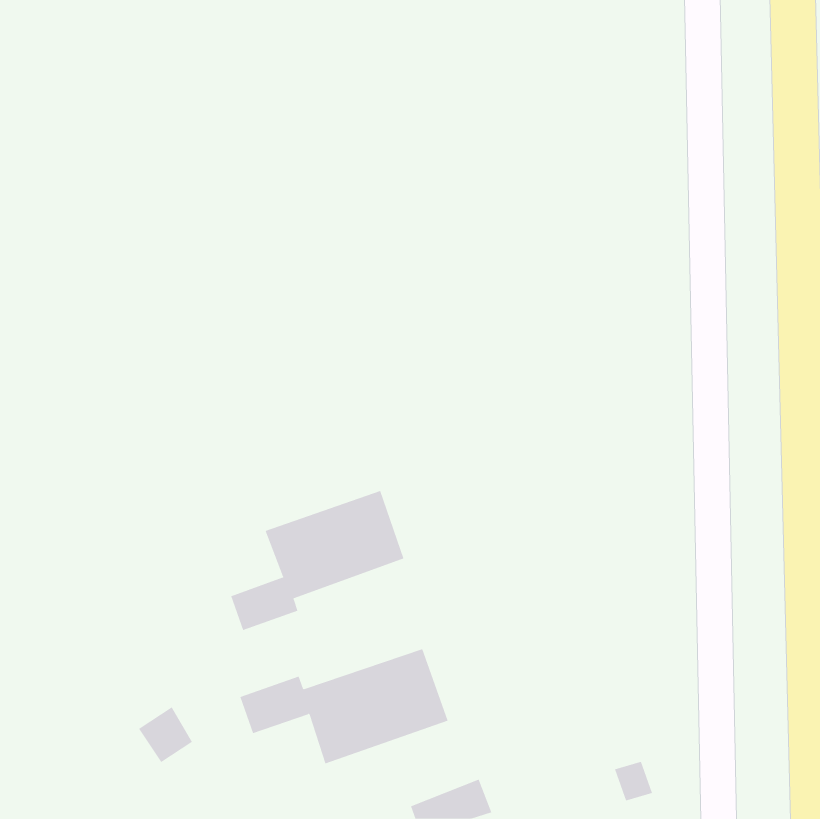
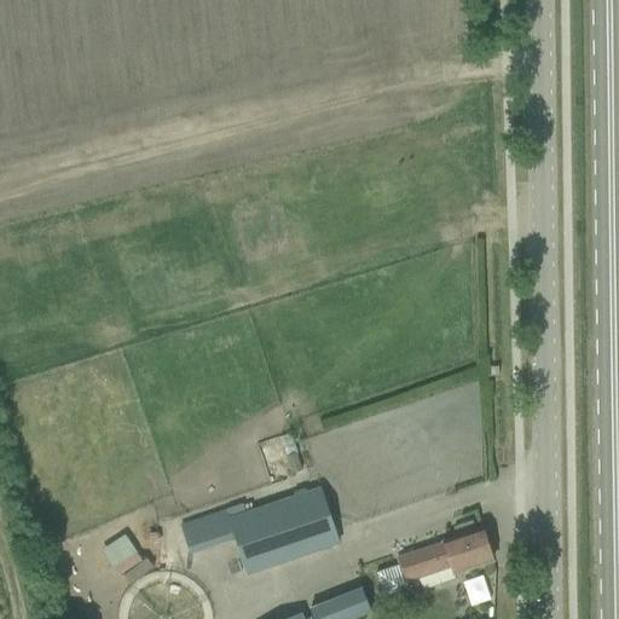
building: [230,490,404,631] -> none
building: none -> [376,527,493,594]

